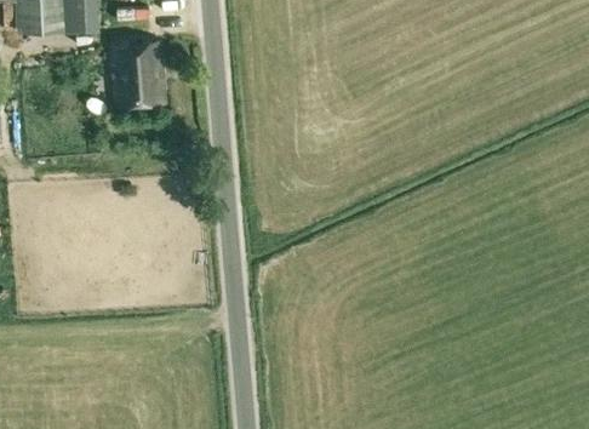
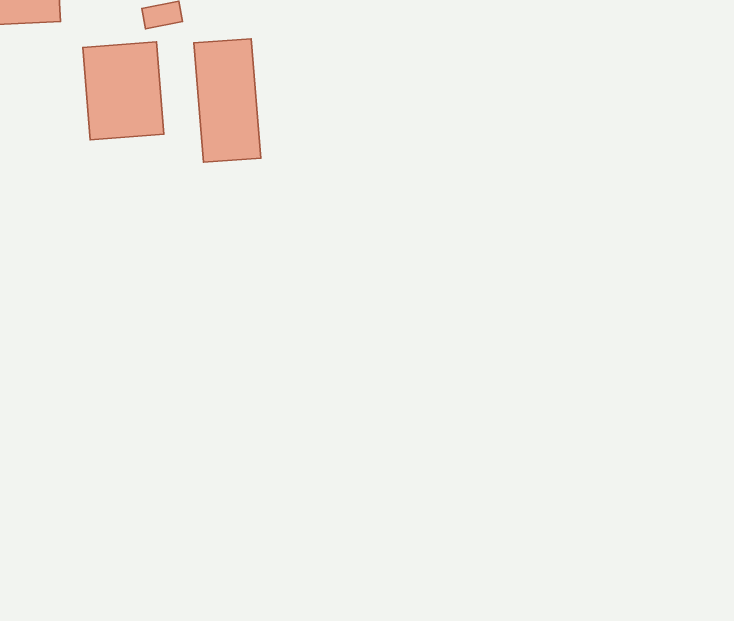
building: none -> [194,39,261,162]

